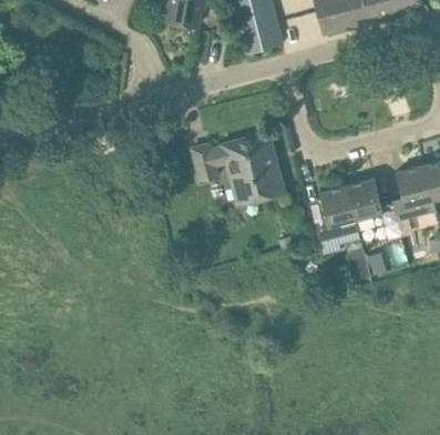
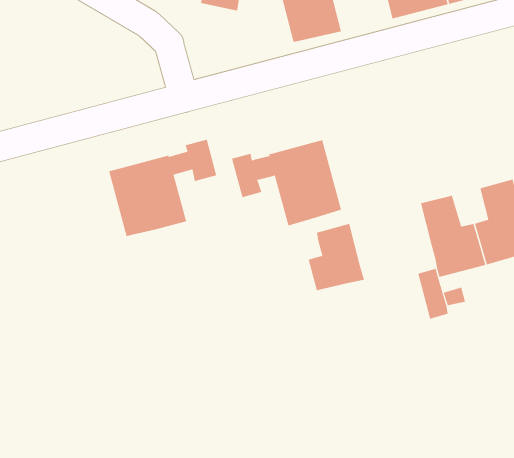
building: none -> [109,139,217,237]
building: [313,184,359,240] -> [308,223,365,291]

